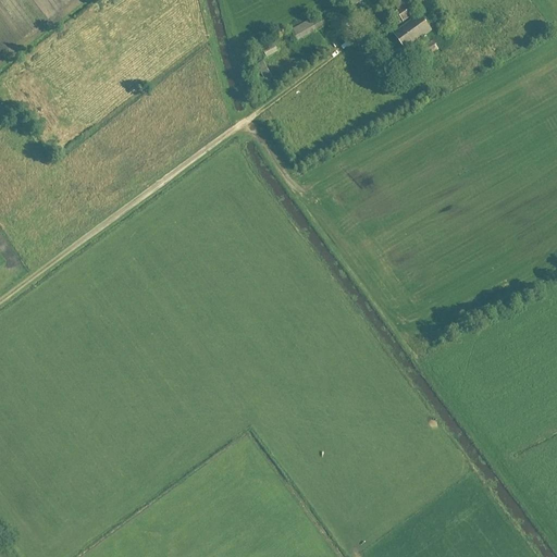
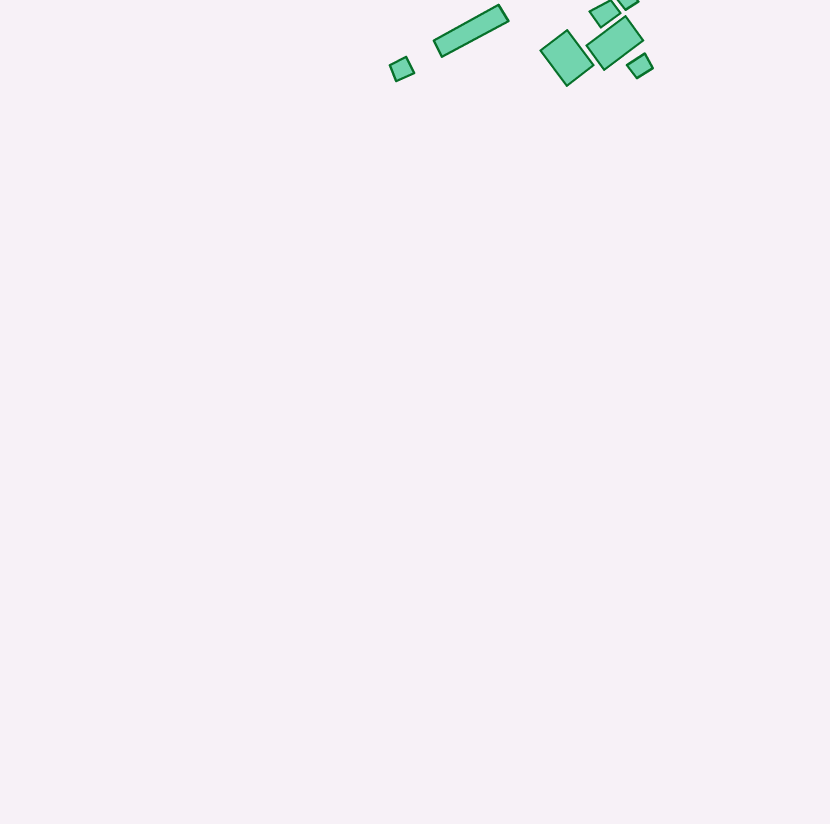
building: none -> [540,30,593,86]

